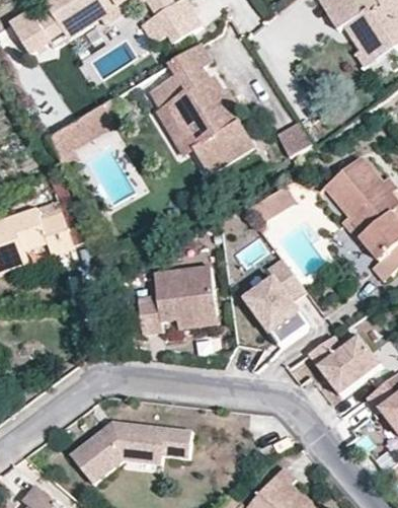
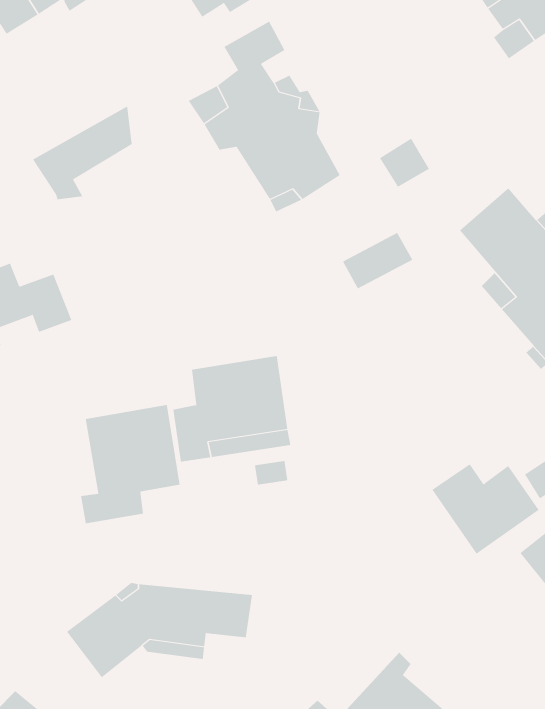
building: [242,259,303,346] -> none
building: none -> [80,404,180,524]

